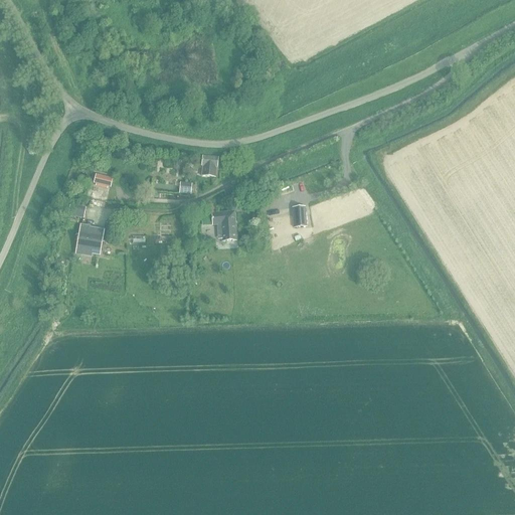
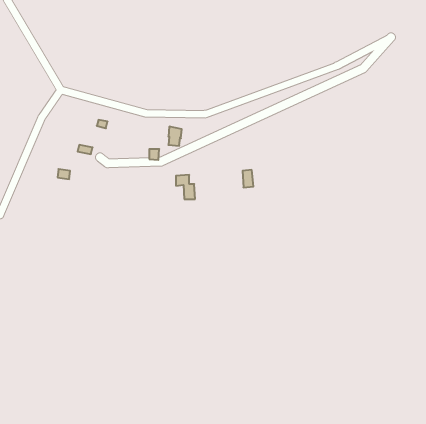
building: [77,224,102,253] -> none

